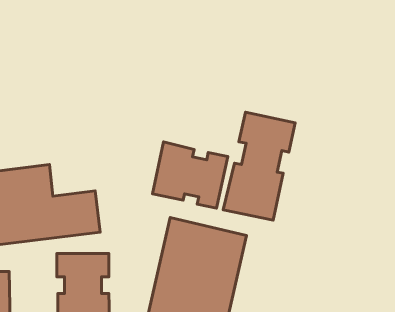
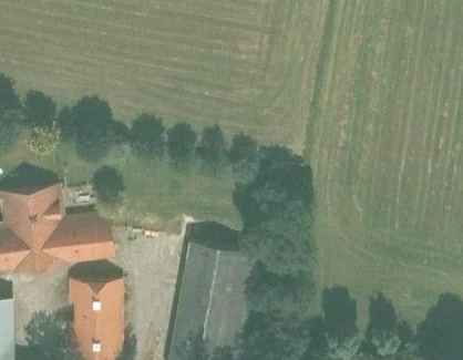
building: [223,112,295,220] -> none
building: [152,142,228,208] -> none

